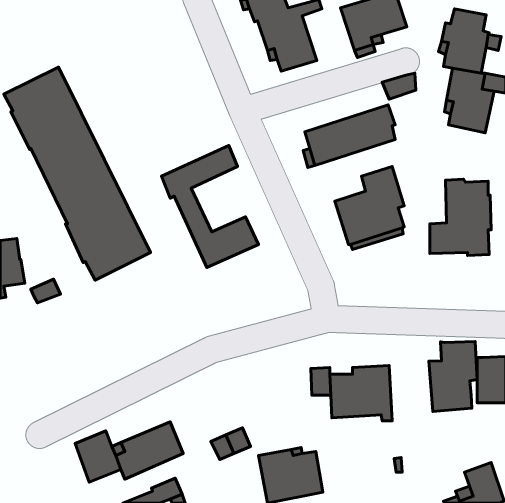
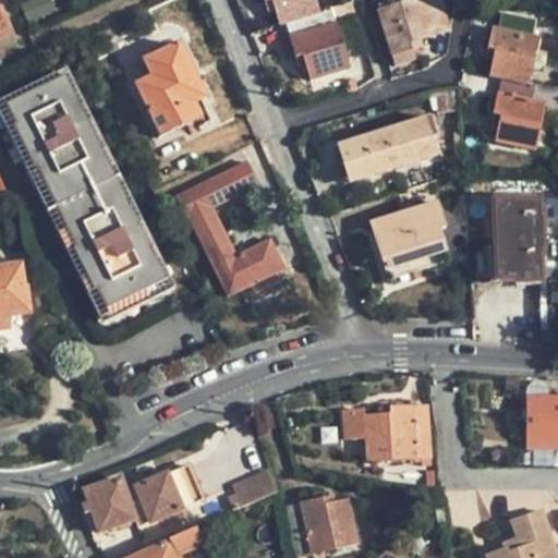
building: none -> [136,41,204,132]
building: [429,341,477,412] -> none

